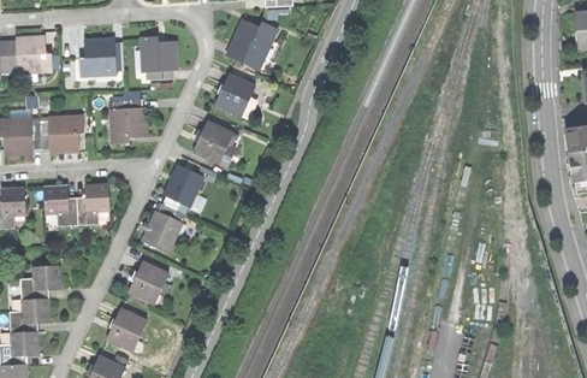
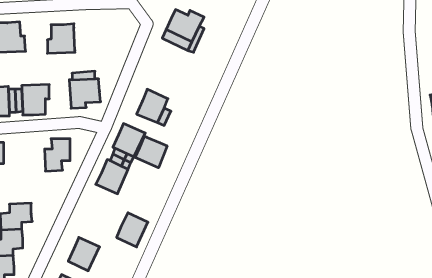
building: [141,36,179,71] -> none
building: [215,73,256,116] -> none
building: none -> [135,136,167,168]
building: [45,185,78,225] -> none
building: [129,260,168,303] -> [117,213,148,247]

